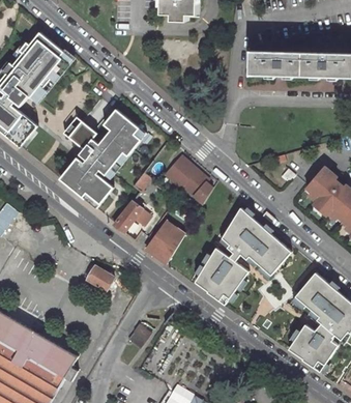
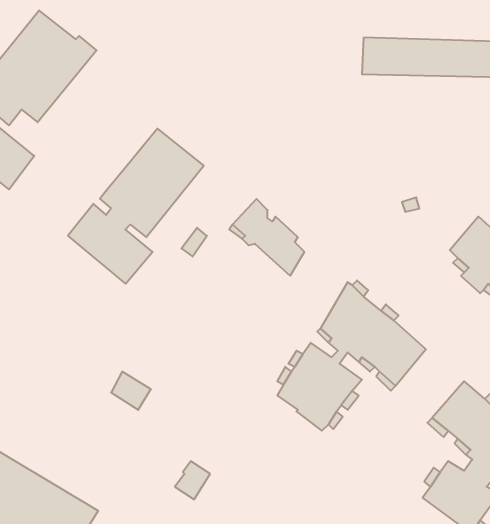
building: [63,117,96,149] -> none
building: [112,202,151,234] -> none
building: [145,222,184,265] -> none

